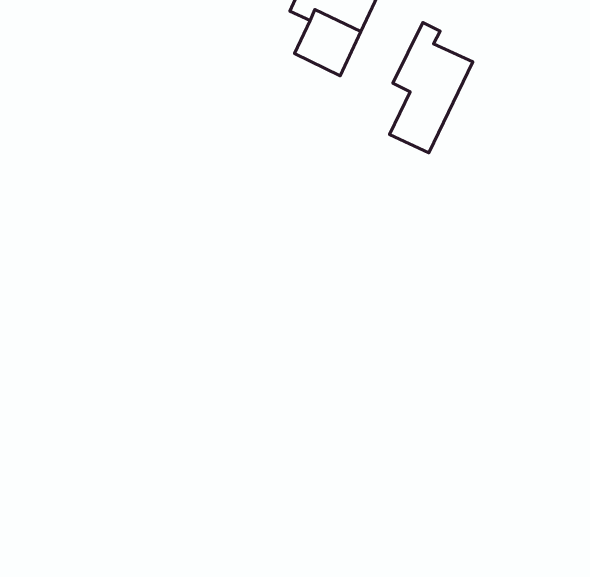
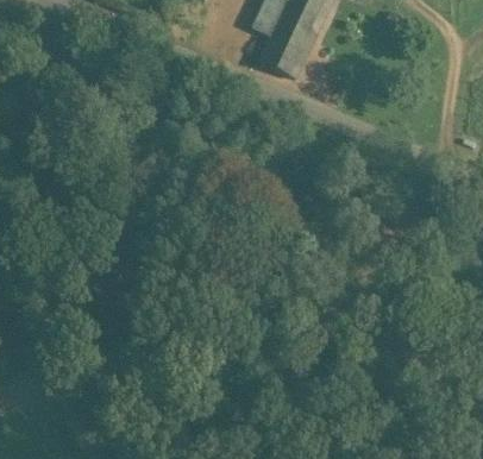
building: [390,23,473,153] -> none

